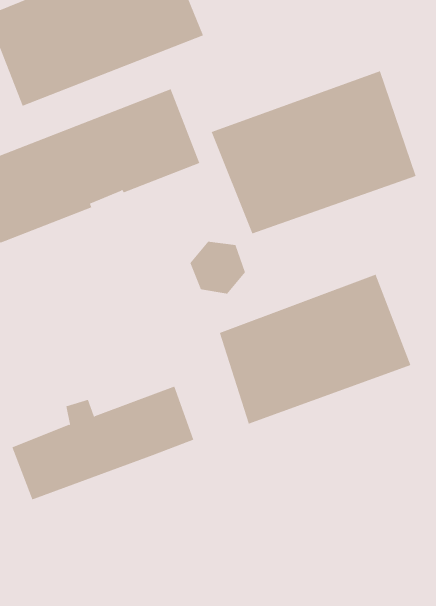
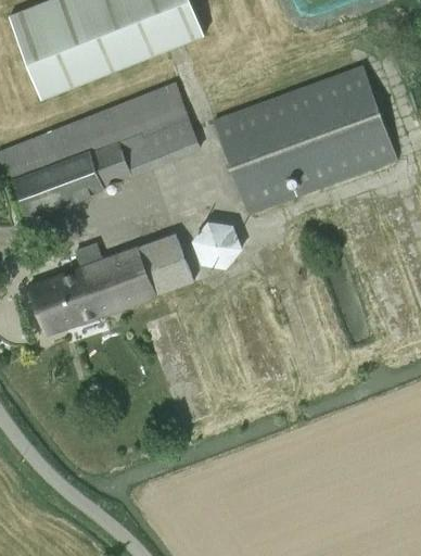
building: [219,274,411,424] -> none
building: [11,386,194,500] -> [27,232,192,336]

